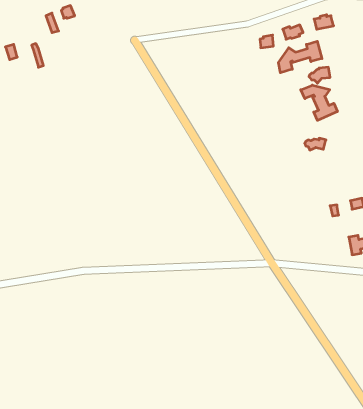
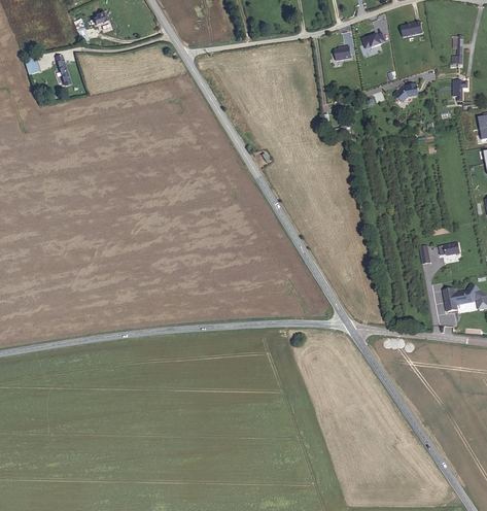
building: [278,41,322,73] -> none
building: [301,85,337,120] -> none

